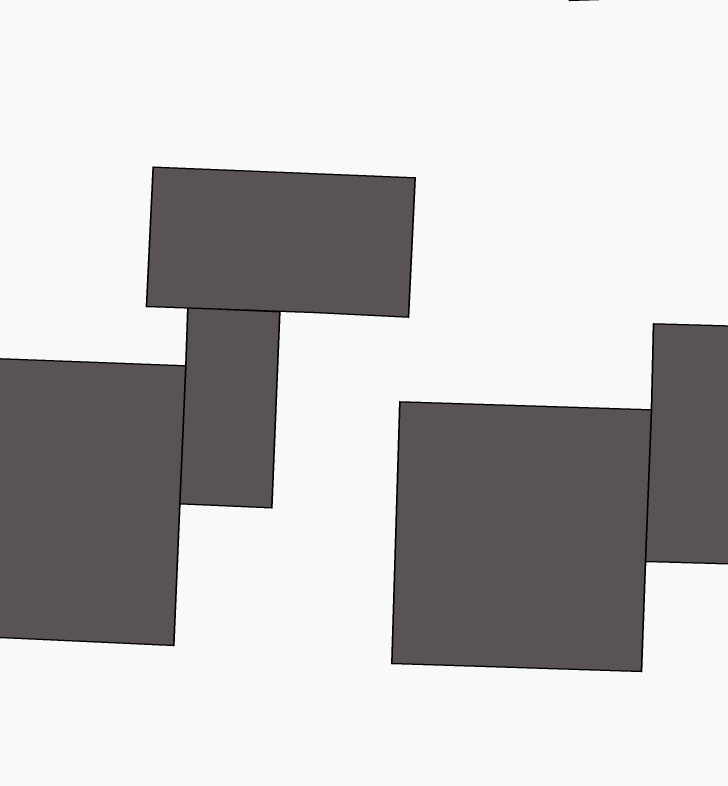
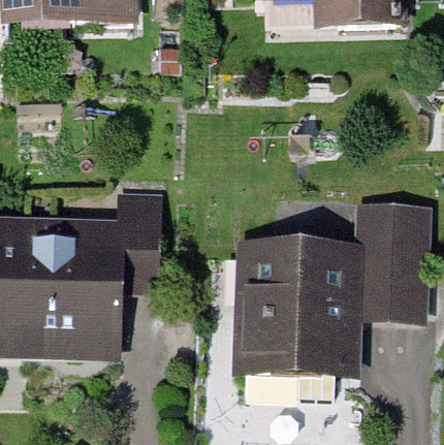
building: [146,167,415,317] -> none

